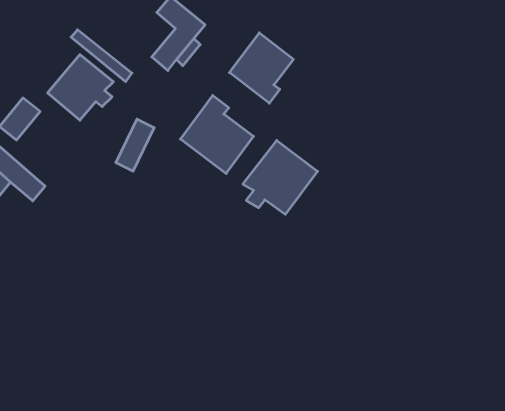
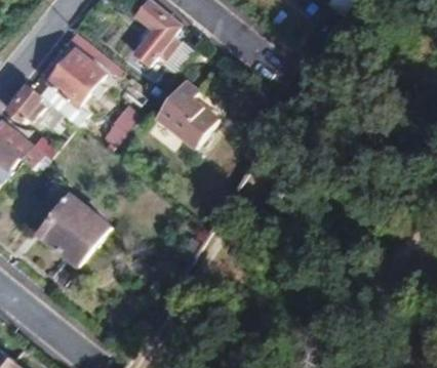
building: [229,33,293,103] -> none
building: [243,140,318,214] -> none
building: none -> [40,193,110,263]

